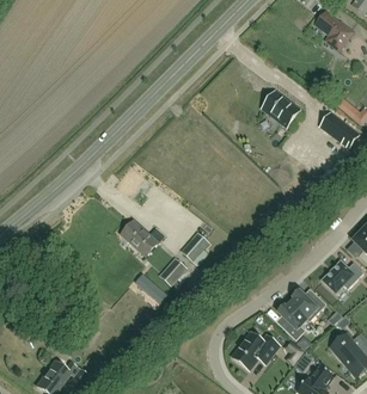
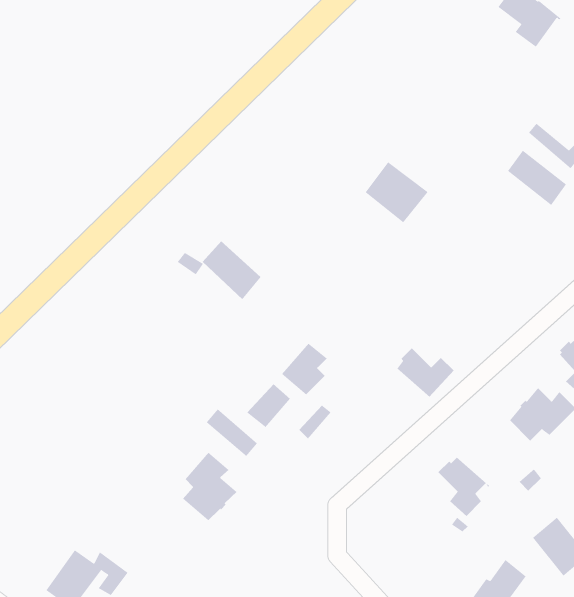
building: [262,90,301,128] -> [365,161,428,223]
building: [121,221,158,258] -> [202,240,262,300]
building: [289,290,325,321] -> [397,347,454,398]
building: none -> [182,452,237,521]
building: [231,333,279,370] -> none

